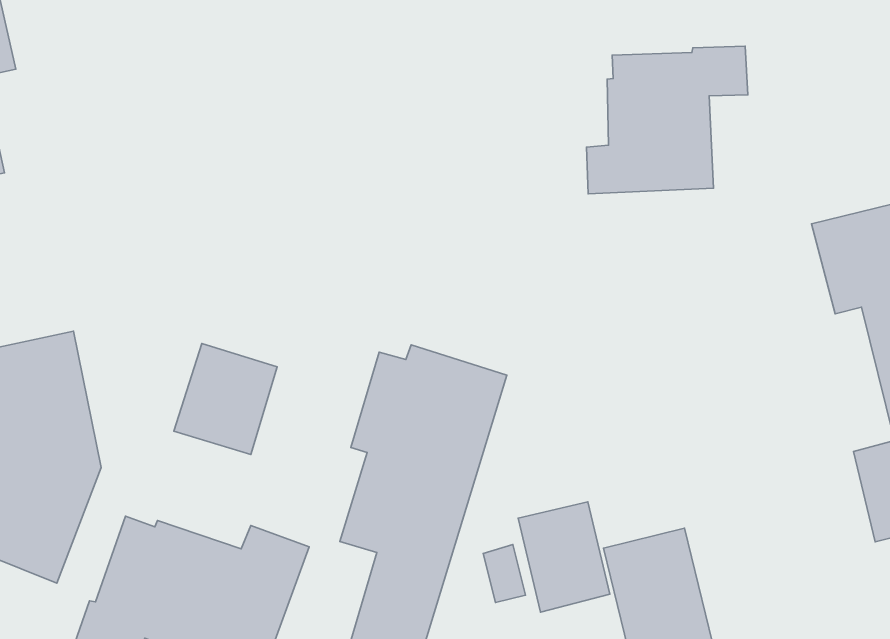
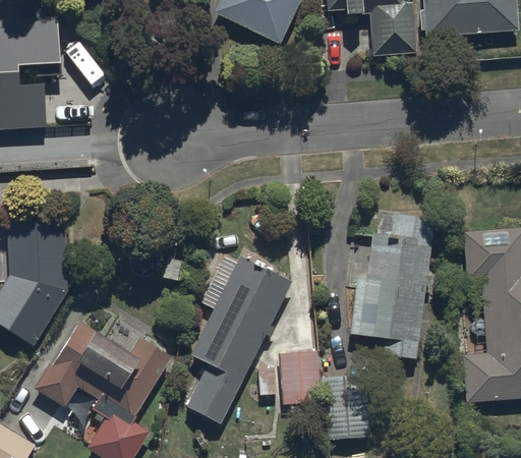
building: [586,46,748,194] -> none
building: none -> [351,215,436,360]
building: [174,344,277,455] -> none

